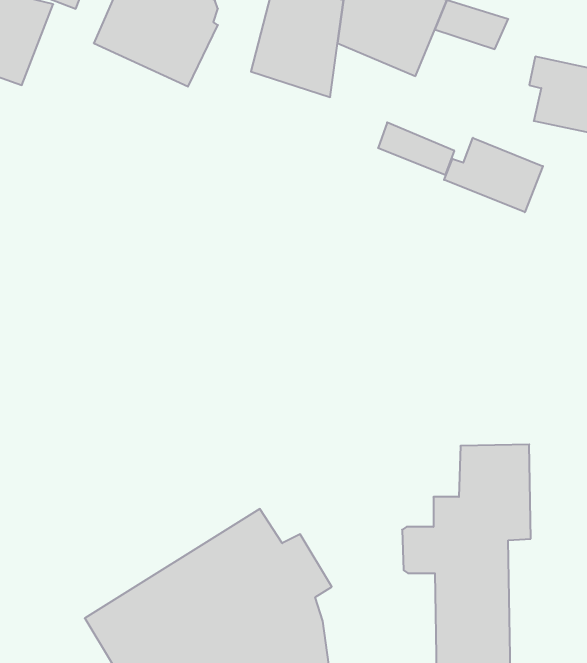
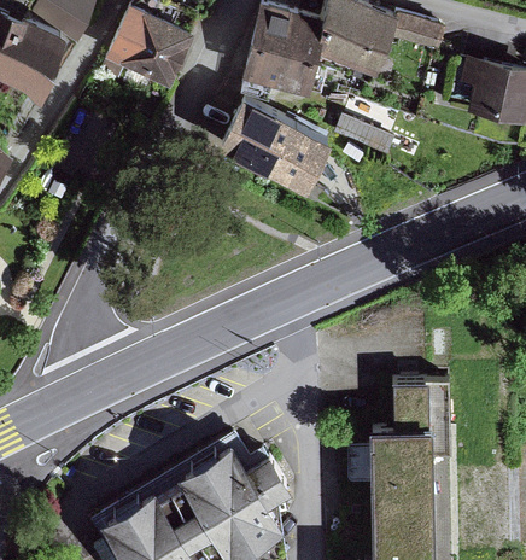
building: none -> [211,101,320,198]
building: [444,138,543,212] -> none

